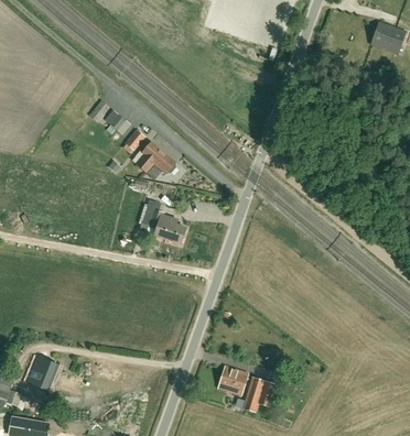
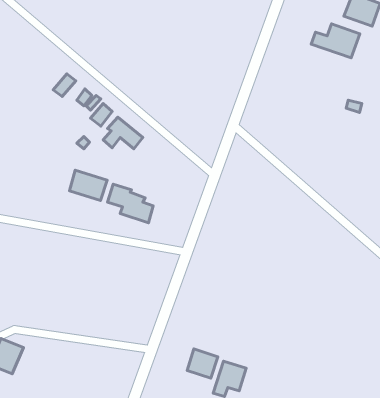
building: none -> [311,24,360,58]
building: none -> [70,170,107,201]

